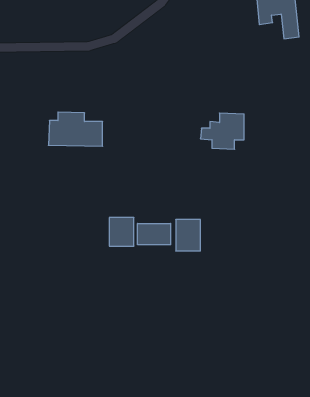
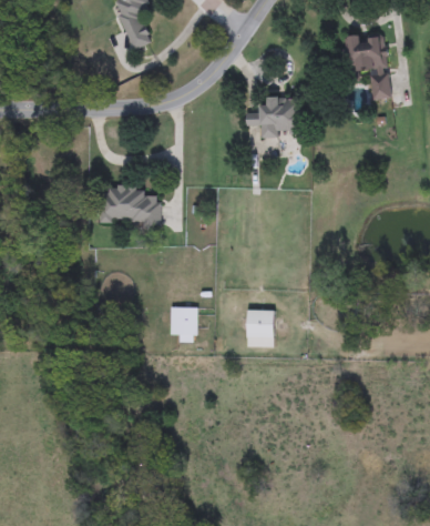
building: [200,113,244,149] -> [245,95,296,138]
building: [138,223,171,245] -> none

